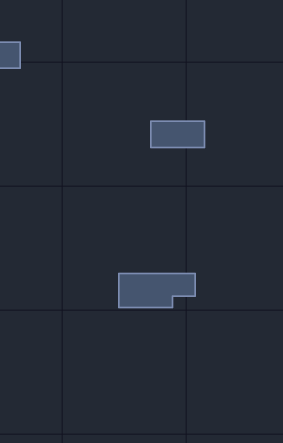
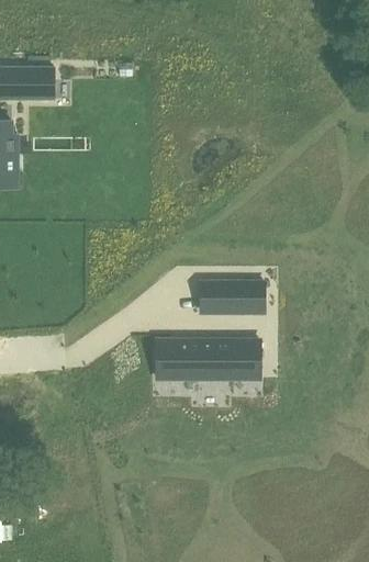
building: [151,121,204,147] -> [200,281,262,312]

